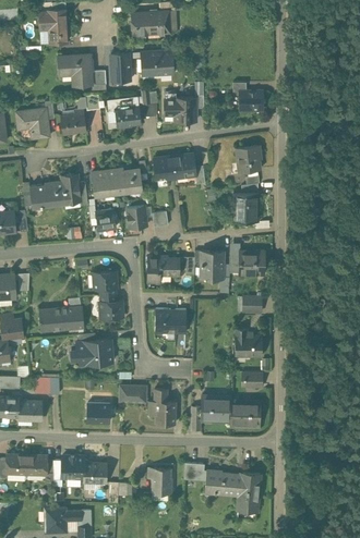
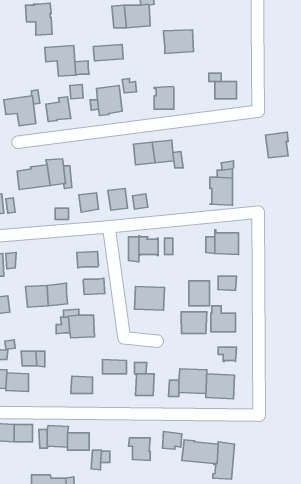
building: [141,50,172,75] -> [164,30,194,54]
building: [236,145,260,172] -> [265,132,288,158]
building: [92,168,142,194] -> none
building: [201,250,223,277] -> [189,281,210,306]
building: none -> [181,312,207,334]

